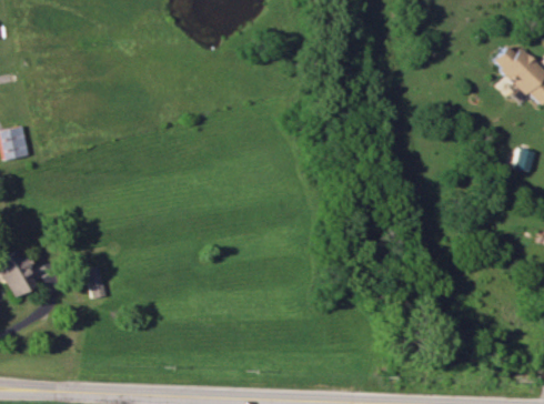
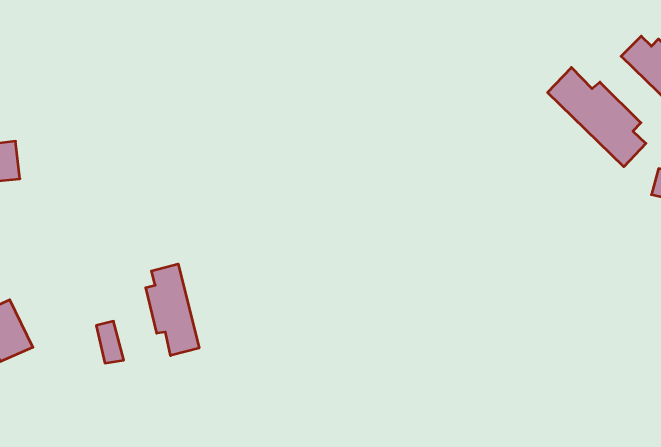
building: none -> [548,67,646,167]
building: none -> [146,264,199,356]

